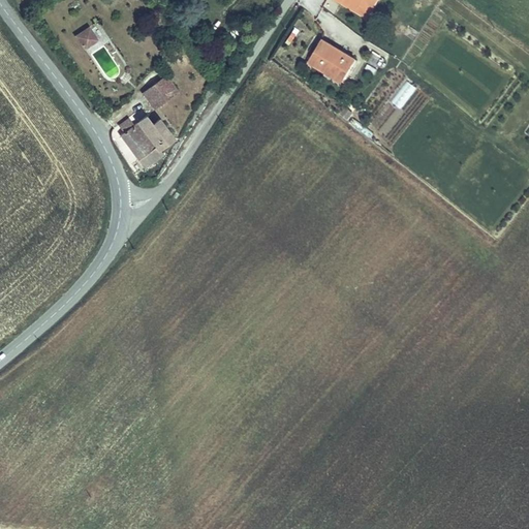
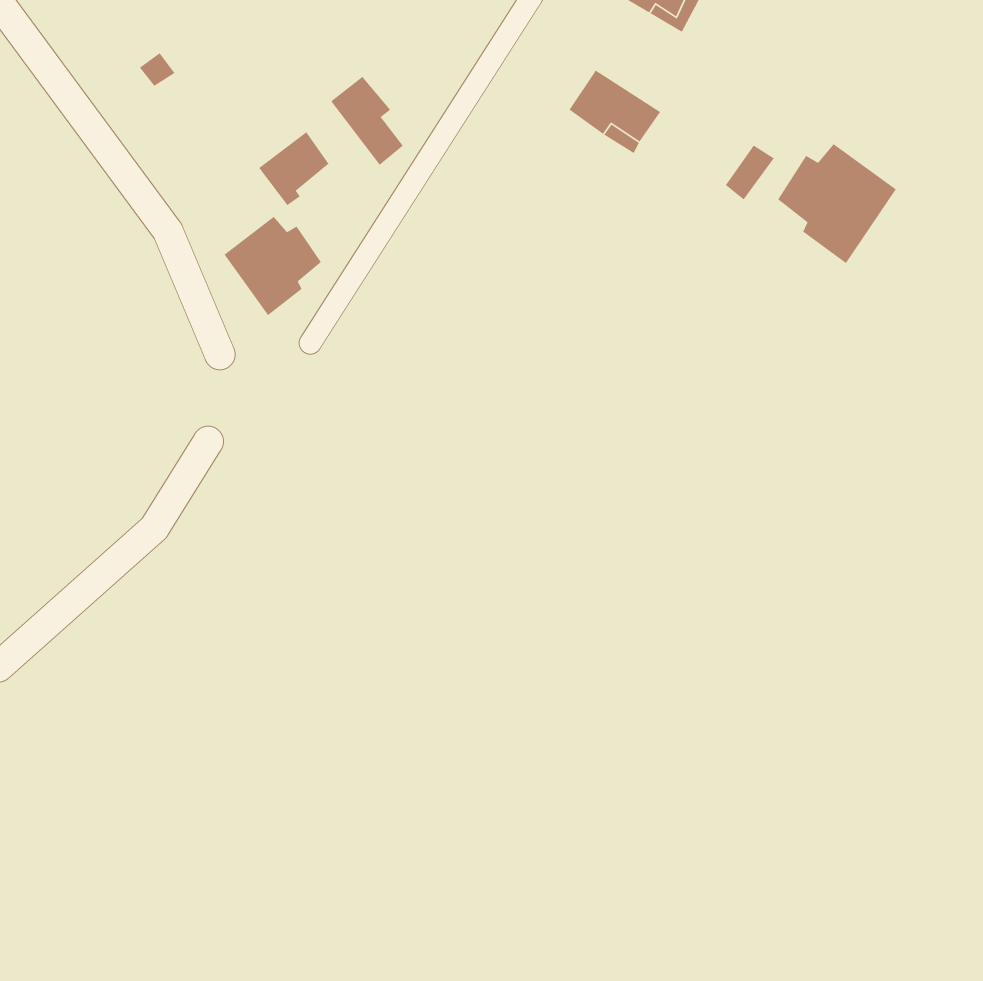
building: none -> [330,76,404,166]
building: none -> [777,143,897,264]

